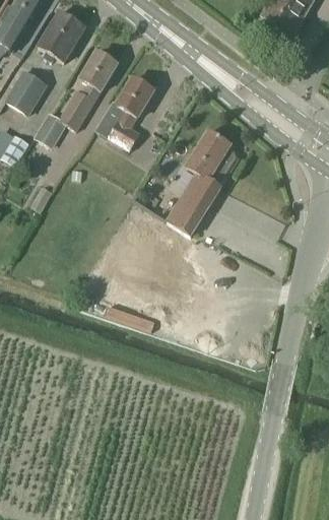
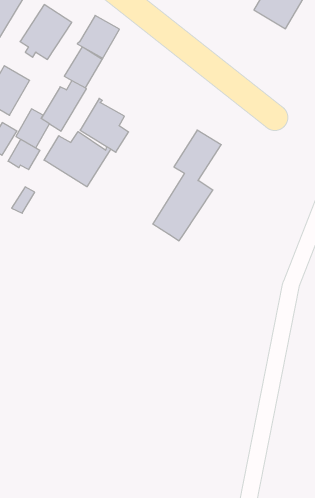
building: [115,75,155,117] -> [77,15,119,59]
building: none -> [44,132,111,187]
building: none -> [8,139,40,170]

